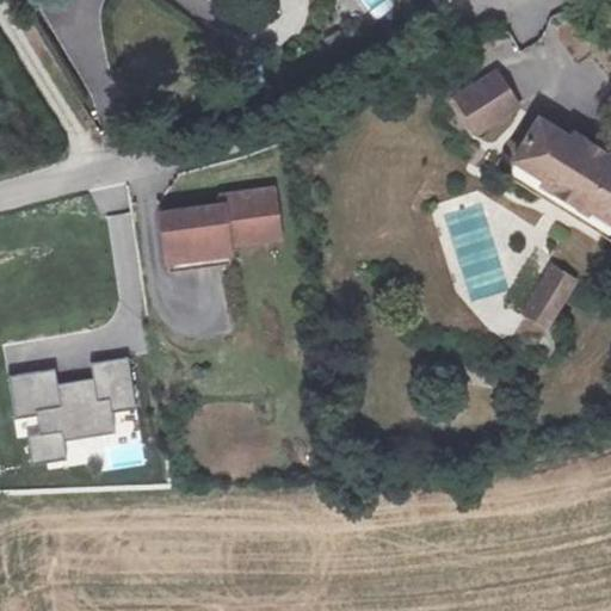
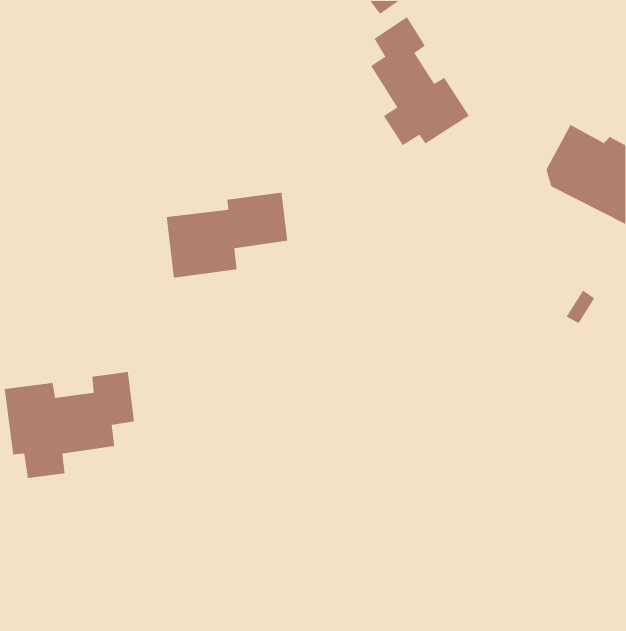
building: none -> [370,16,470,146]
building: [464,74,525,134] -> none

